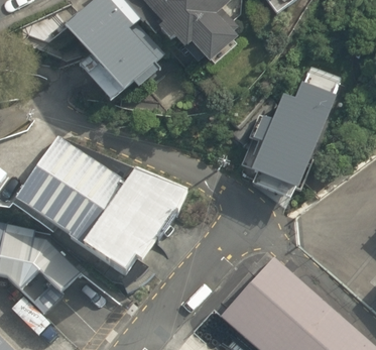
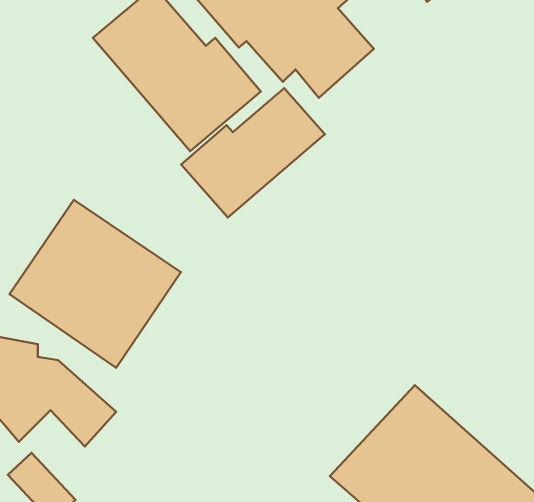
building: none -> [181,88,325,218]
building: [240,66,338,198] -> none
building: [82,172,181,274] -> none

